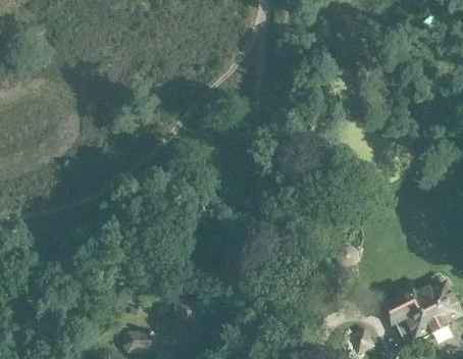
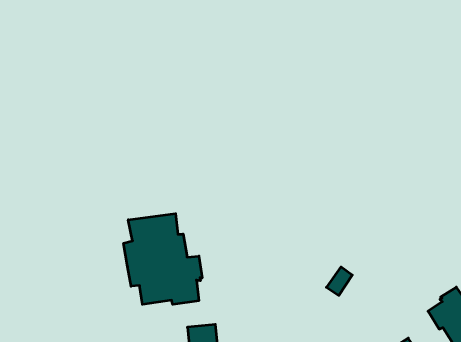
building: none -> [124,214,202,304]

